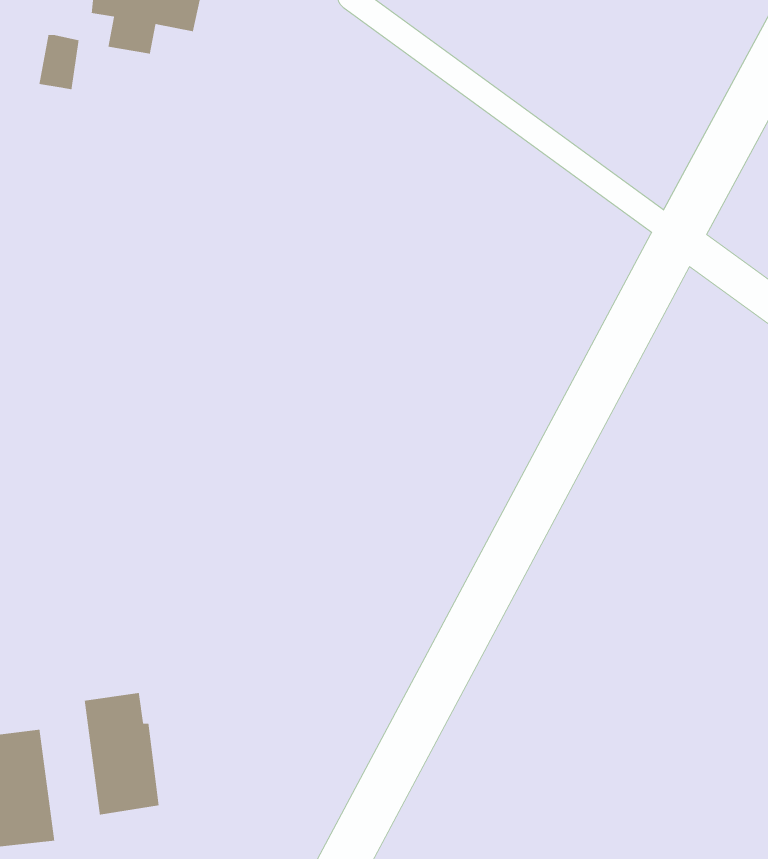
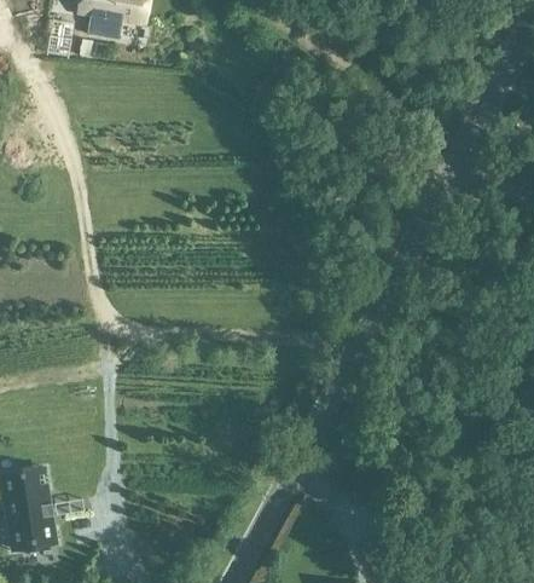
building: [84,692,160,815] -> none

